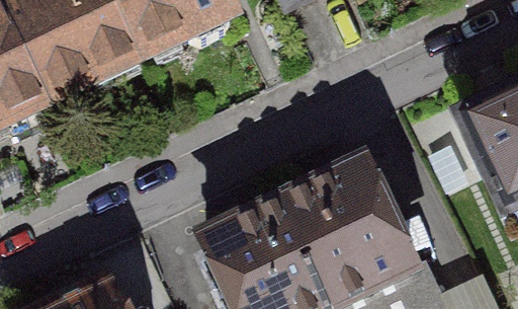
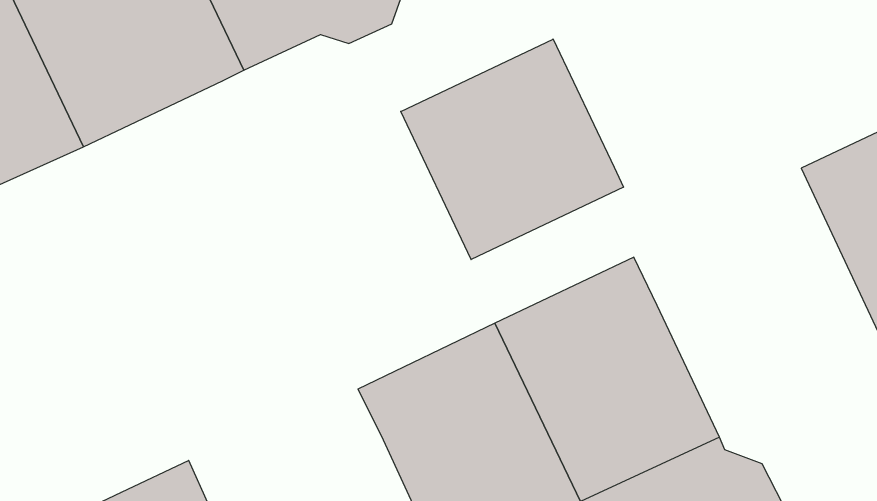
building: none -> [401,39,623,260]

